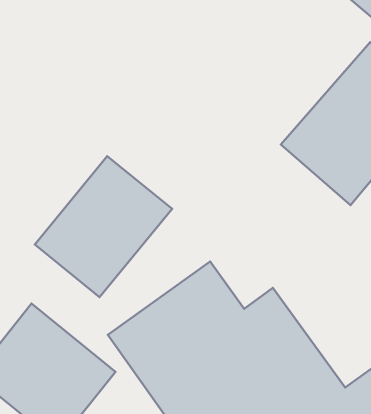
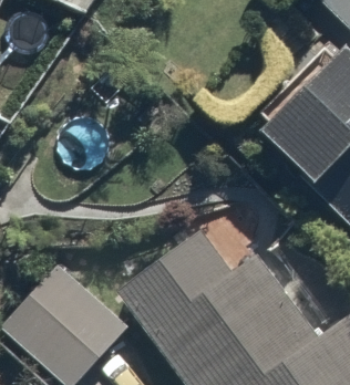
building: [35,156,172,297] -> none

